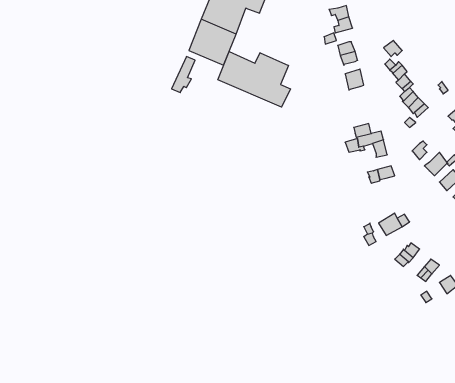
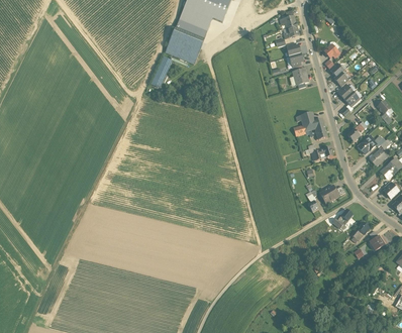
building: [218,52,290,107] -> none

